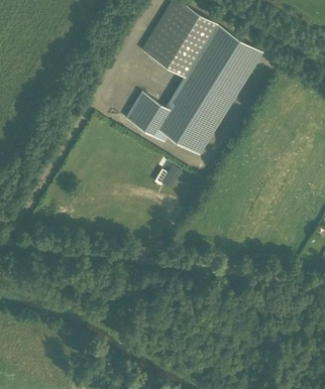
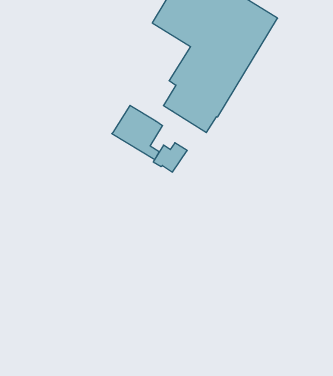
building: [125,93,171,141] -> [112,105,163,160]

